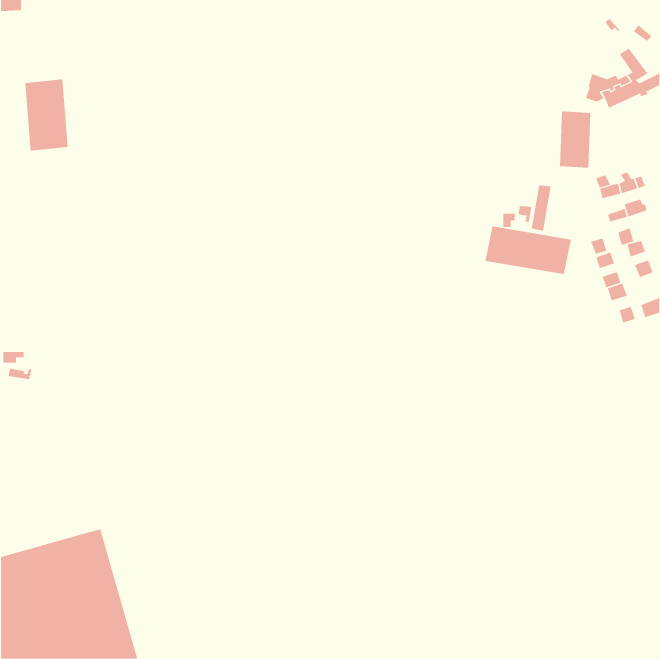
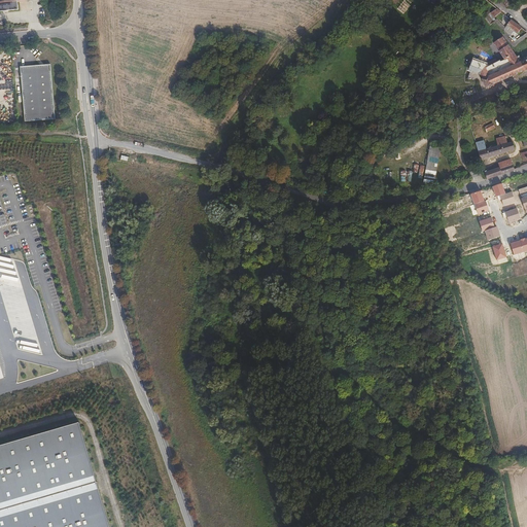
building: [559,110,591,169] -> none
building: [485,226,571,275] -> none

